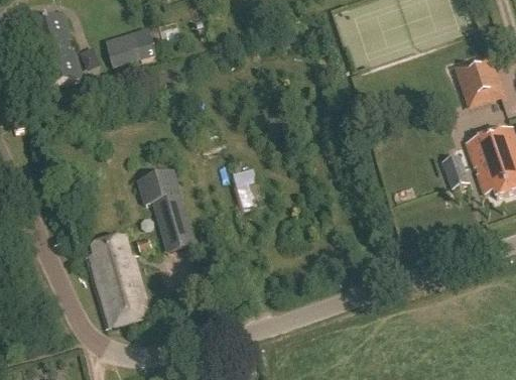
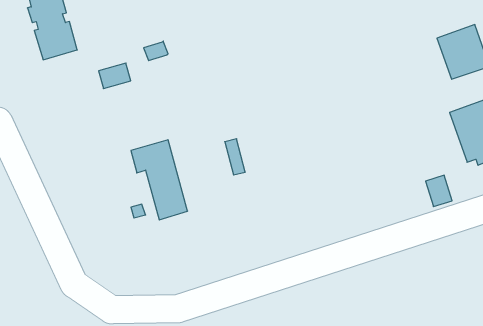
building: [109,41,142,68] -> [99,63,131,89]
building: [443,154,471,186] -> [426,175,452,207]
building: [86,237,154,328] -> none

